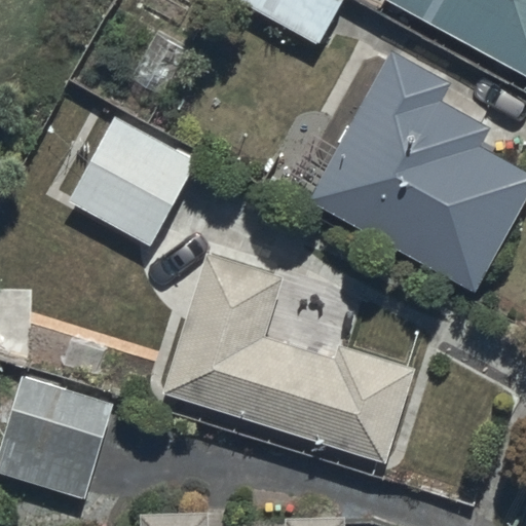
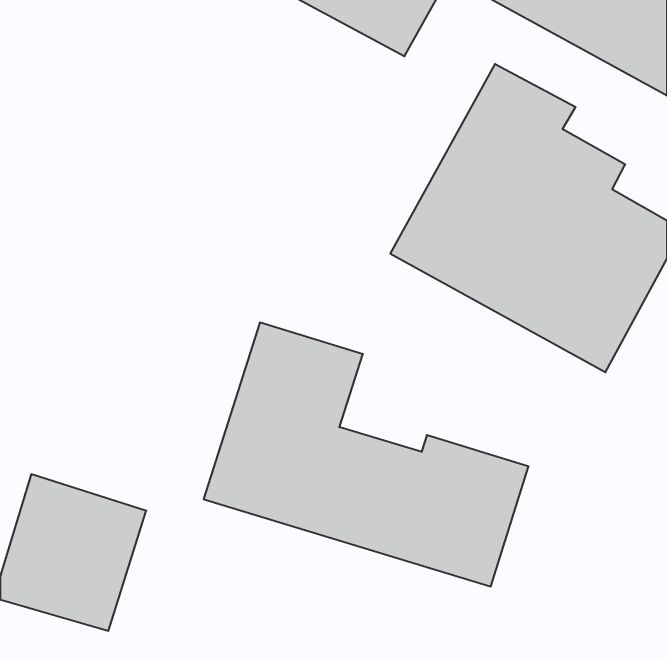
building: [69,117,197,246] -> none

